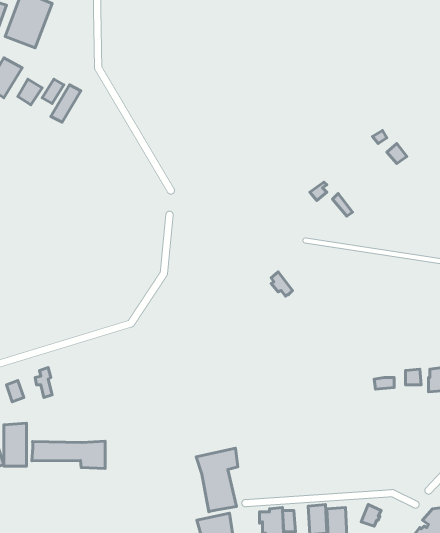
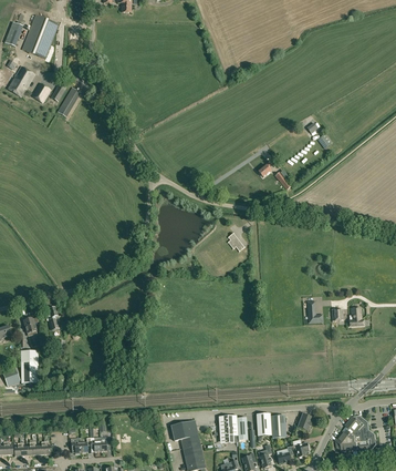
building: [32,441,105,469] -> none
building: [196,448,238,512] -> none

